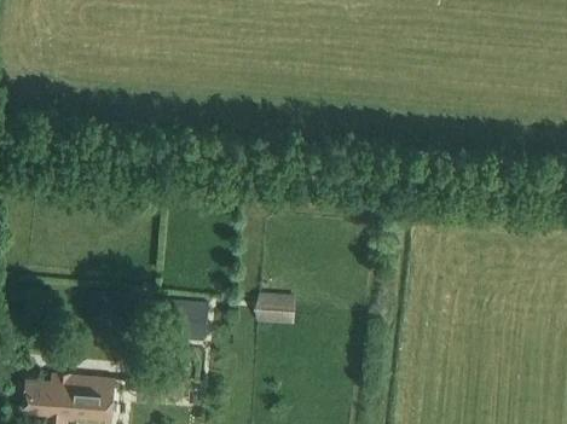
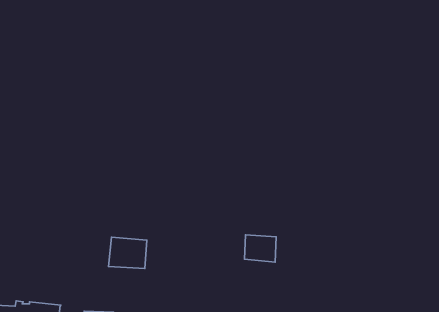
building: [259,292,296,325] -> [245,235,276,262]

